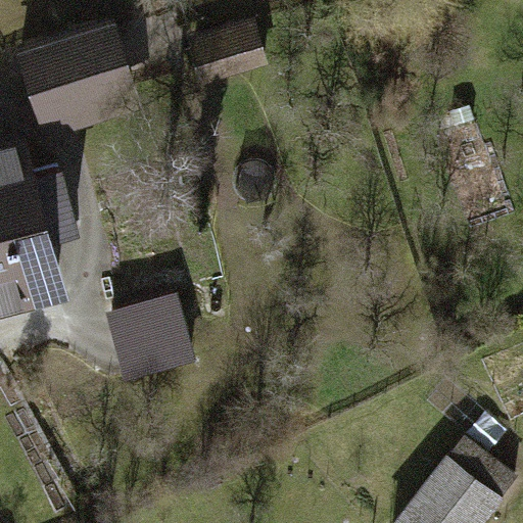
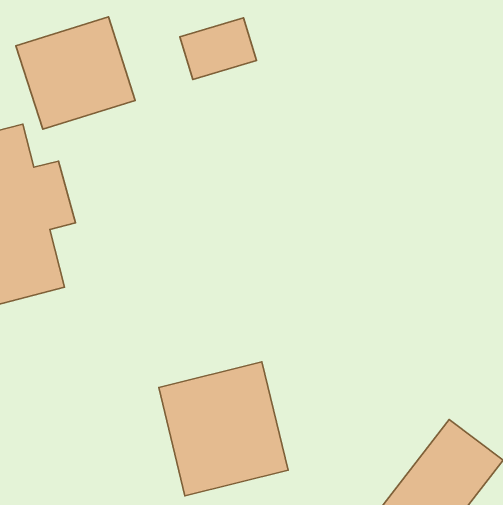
building: [103,294,193,380] -> none
building: none -> [159,362,288,496]

